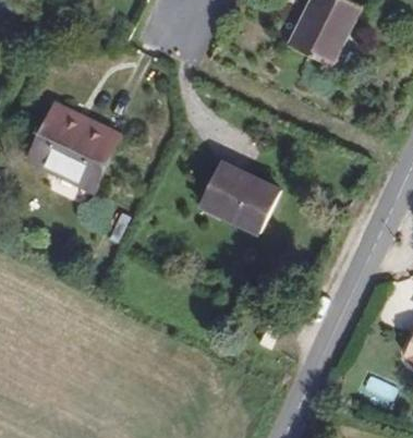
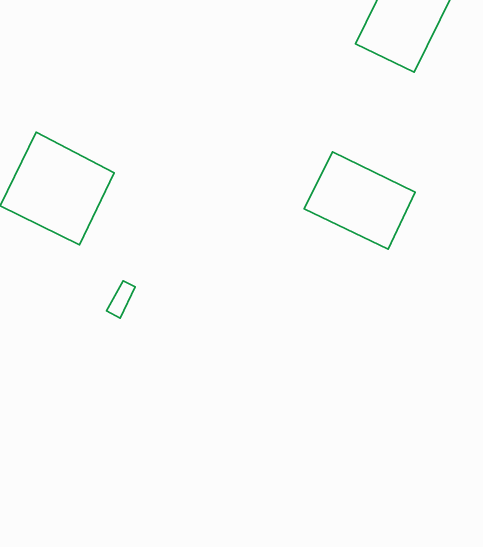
building: [198,157,279,228] -> [304,152,415,249]

